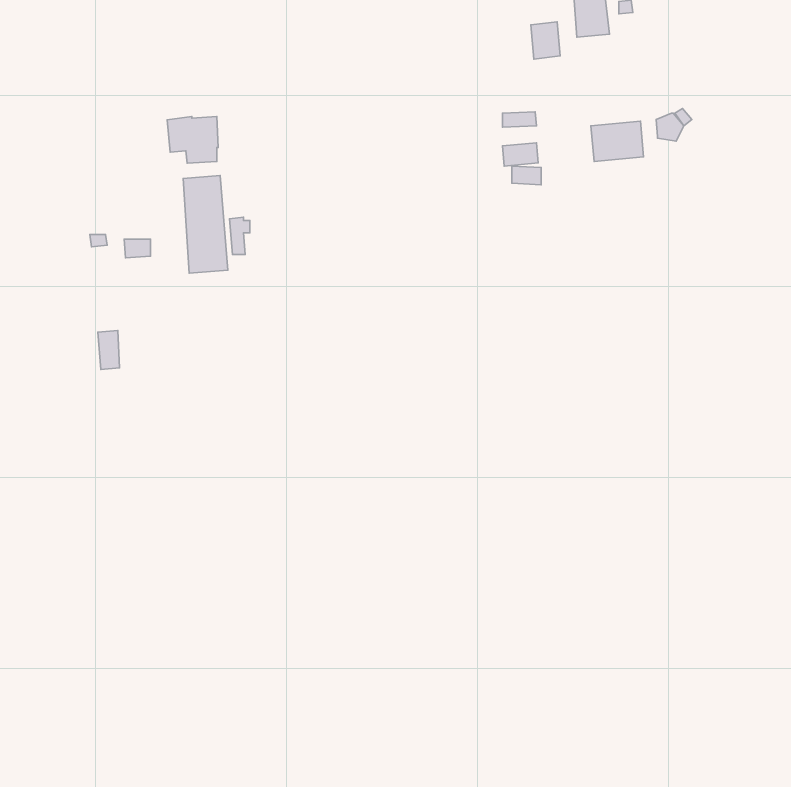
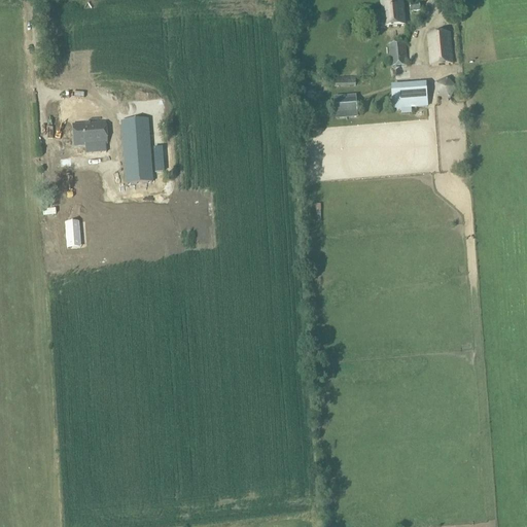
building: [531,22,560,59] -> [389,40,409,65]
building: none -> [427,30,454,64]
building: [167,117,218,163] -> [73,119,107,150]

